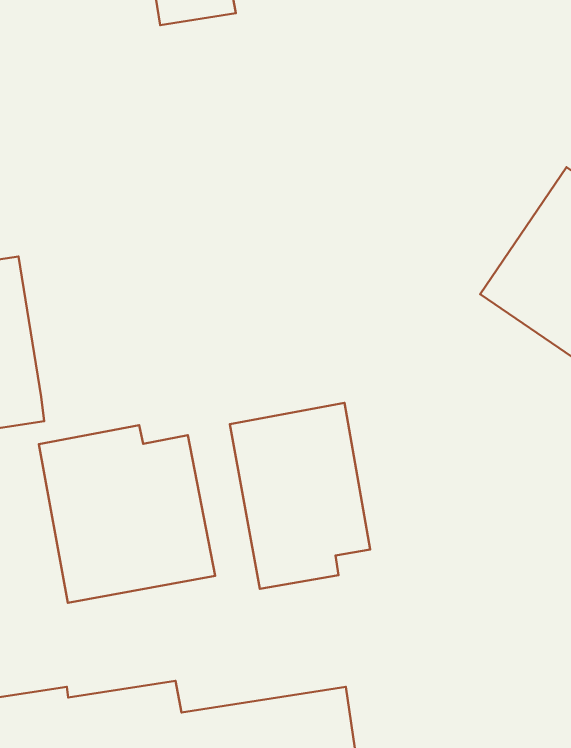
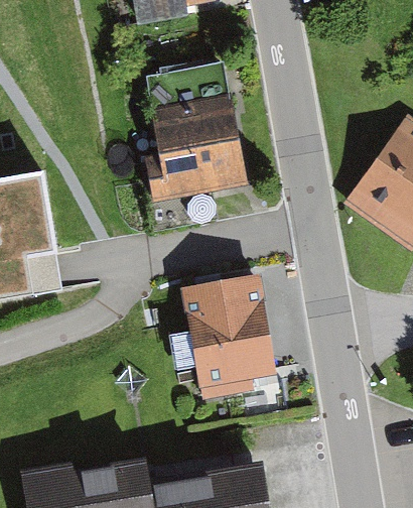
building: none -> [143,67,244,203]
building: [39,425,215,603] -> none

